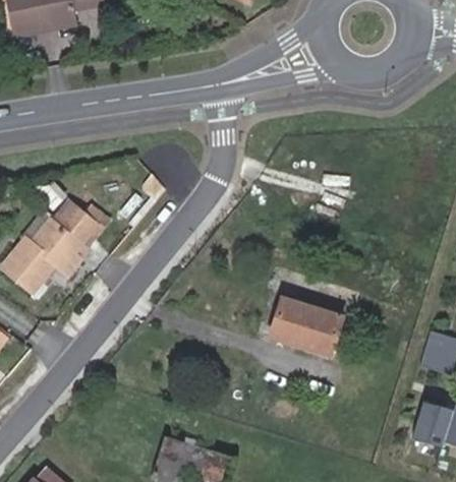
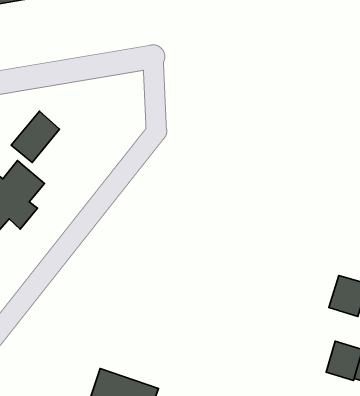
building: none -> [11,111,60,163]
building: [276,299,345,355] -> none

